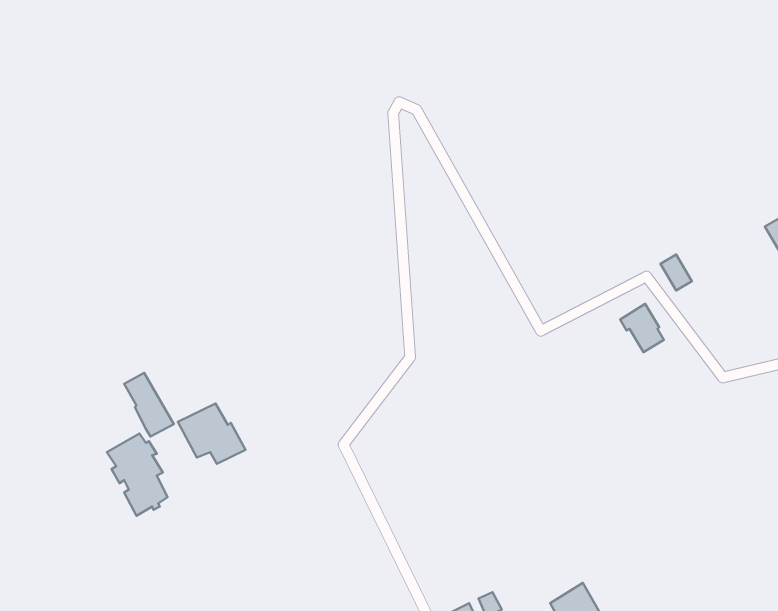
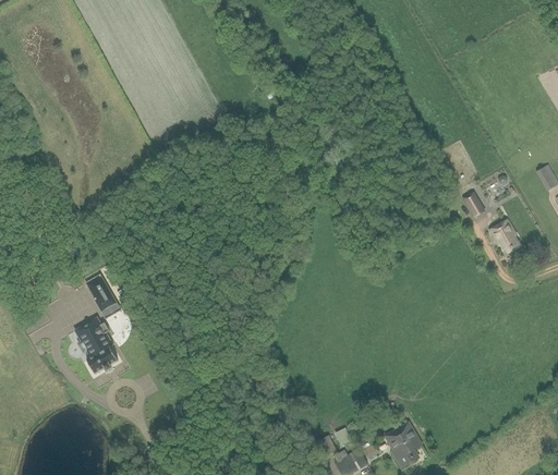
building: [620,304,664,352] -> [489,219,520,253]
building: [178,403,246,464] -> none

